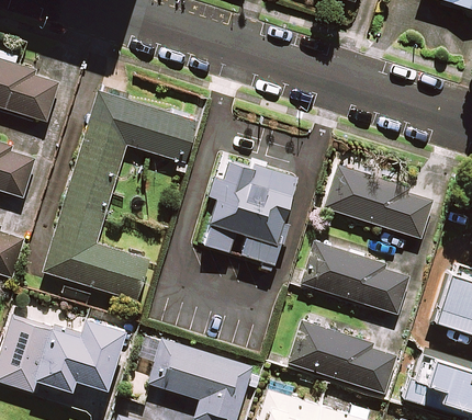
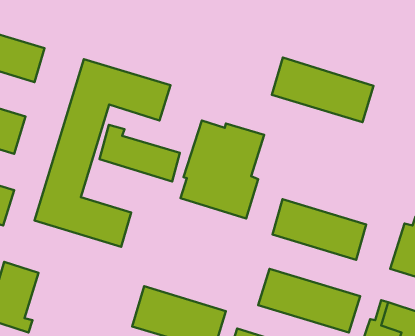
building: none -> [99,125,180,181]
building: [324,167,435,237] -> [272,58,374,122]
building: [33,315,124,389] -> none

